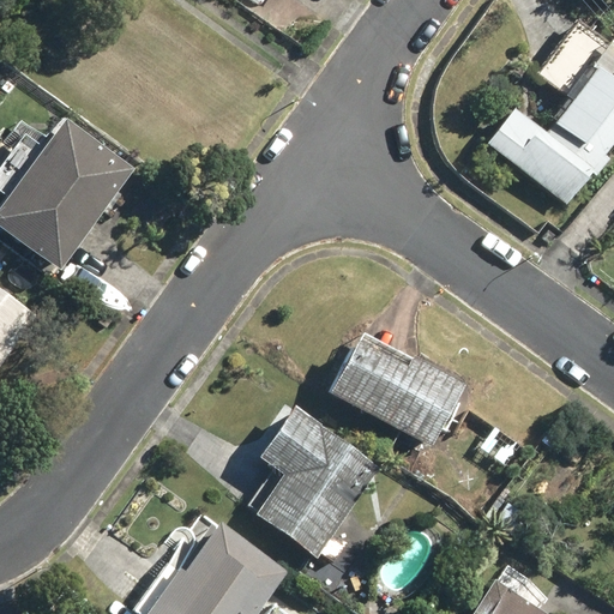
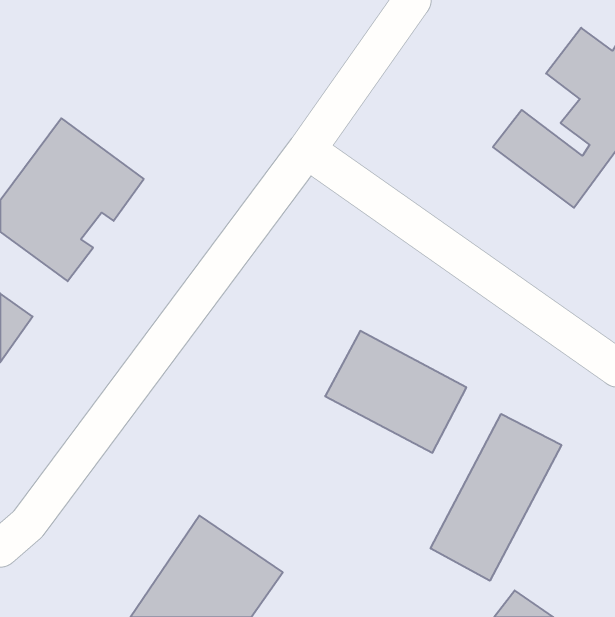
building: [253,403,381,582] -> none
building: none -> [431,414,561,581]

